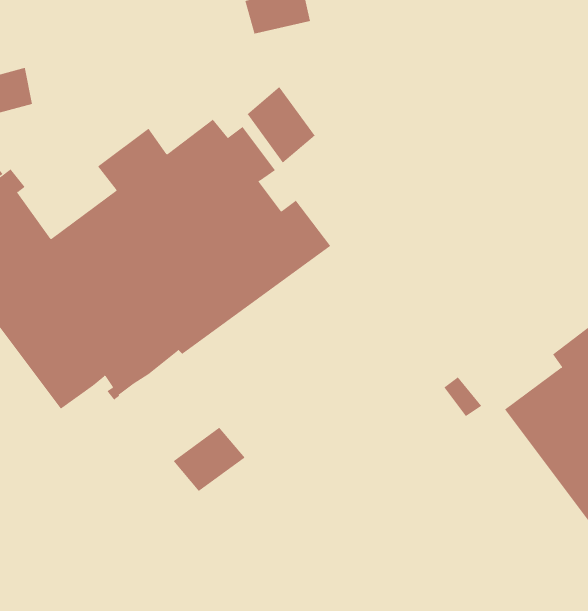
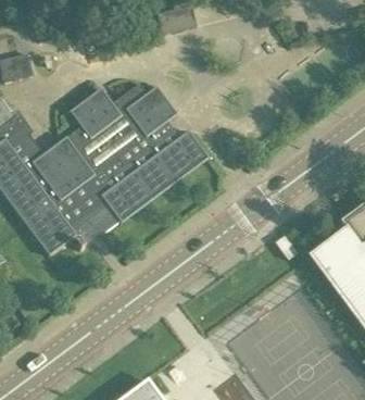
building: [247,86,315,163] -> none
building: [173,427,245,492] -> none

